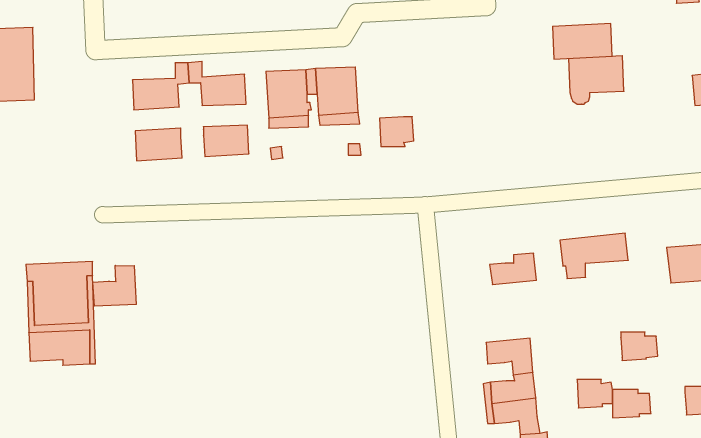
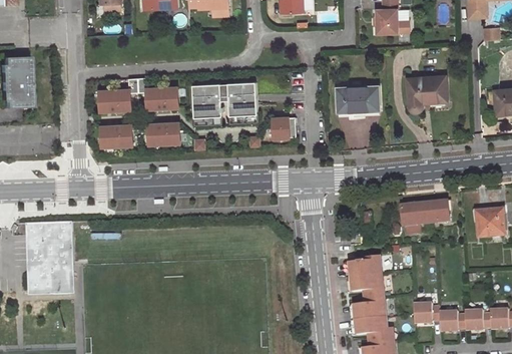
building: [553,24,612,59] -> [337,85,379,110]
building: [490,253,536,285] -> [347,256,380,278]
building: [93,265,136,306] -> none
building: [621,332,658,360] -> [464,310,490,330]

